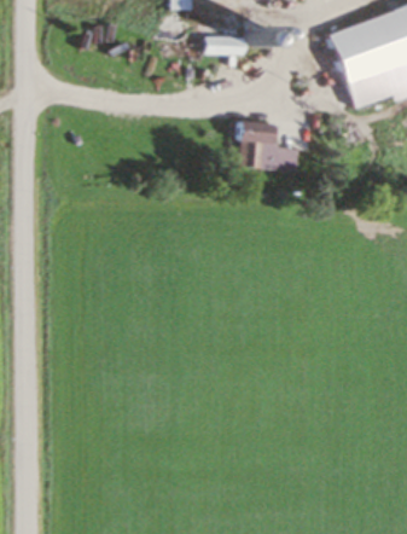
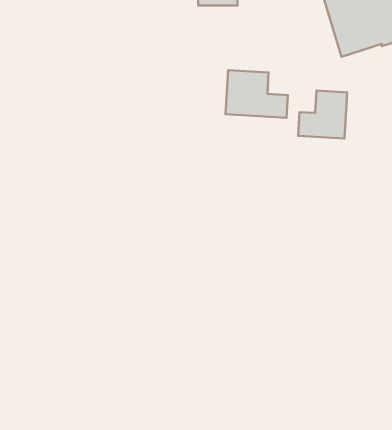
building: none -> [298,91,347,138]

